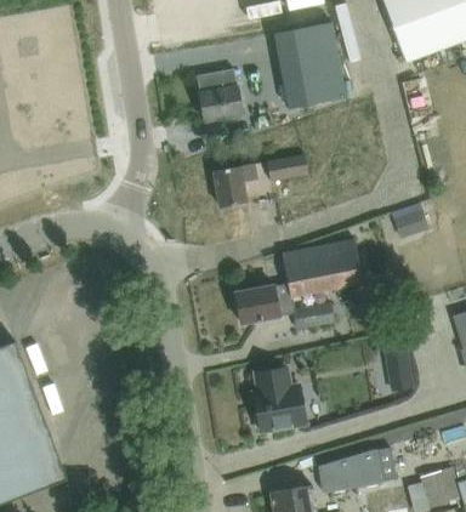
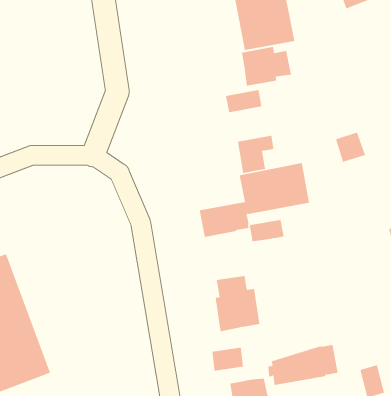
building: [197,69,241,121] -> none
building: none -> [241,46,292,86]
building: [214,164,256,207] -> [237,135,274,173]
building: [383,347,414,392] -> none
building: none -> [212,347,243,371]

